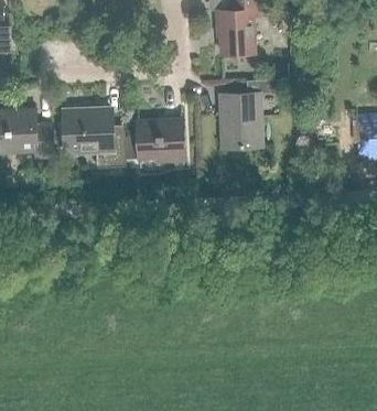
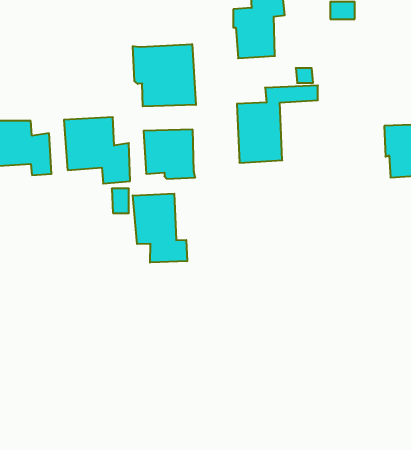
building: none -> [133,44,196,106]
building: none -> [133,194,187,263]

